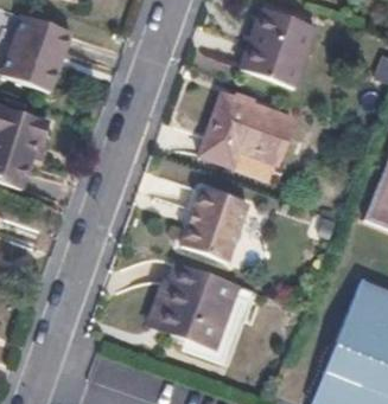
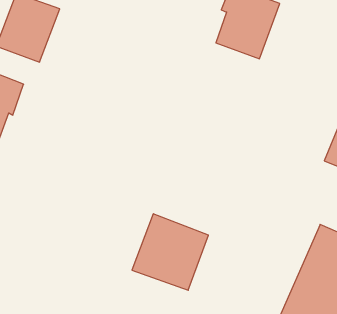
building: [202,95,294,165] -> none
building: [184,186,250,261] -> none

